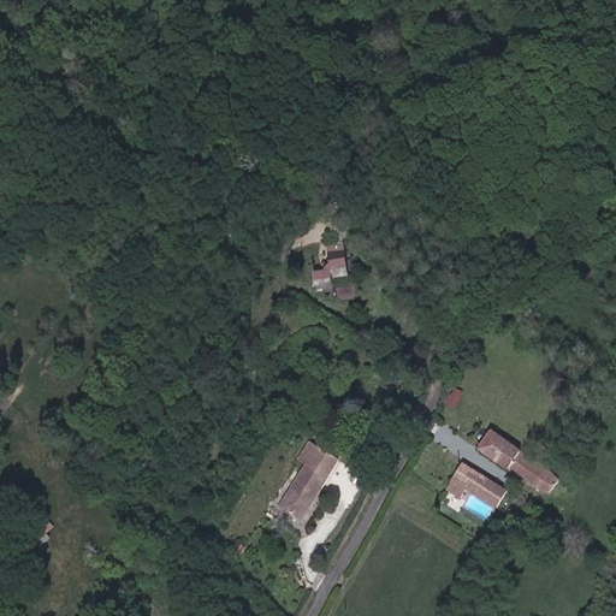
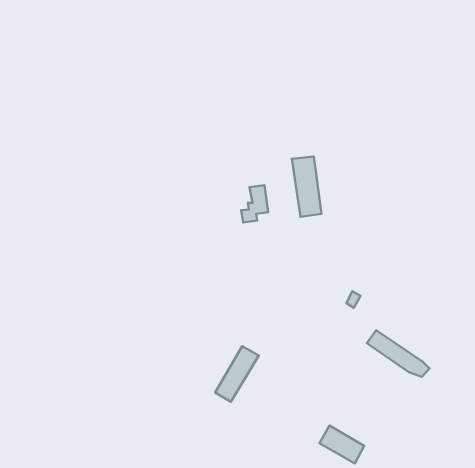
building: none -> [292,156,321,217]
building: [444,461,502,510] -> [319,425,364,464]

